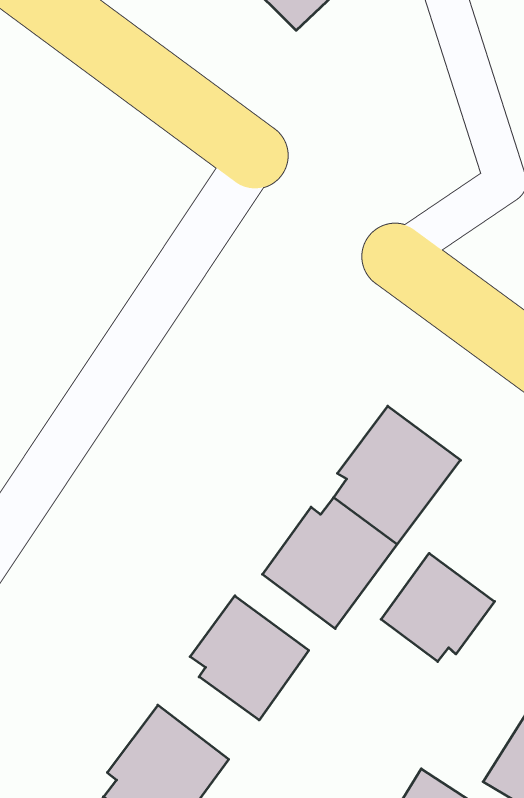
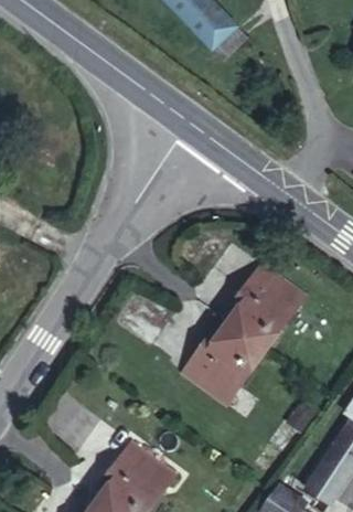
building: [381,553,495,662] -> none
building: [190,596,309,720] -> none

